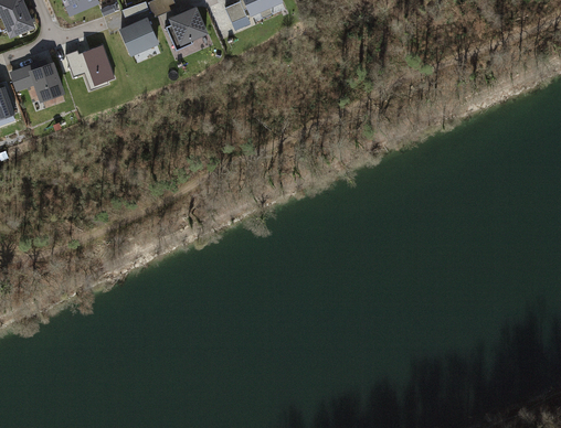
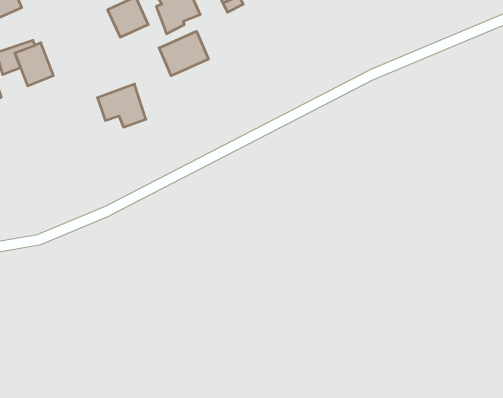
building: [66,45,114,87] -> [97,84,146,127]
building: none -> [159,31,208,76]

